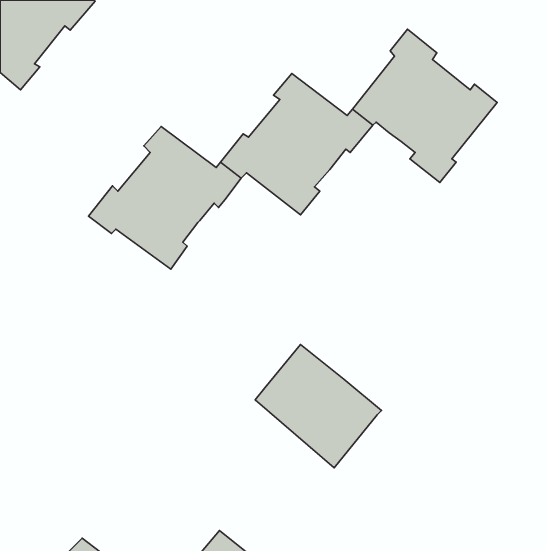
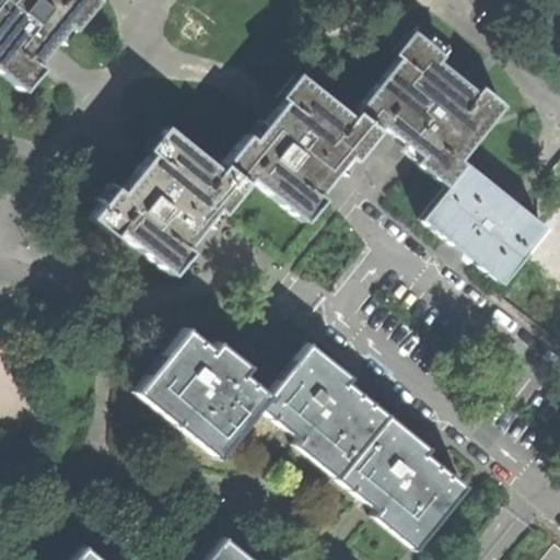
building: none -> [423,165,547,282]
building: none -> [143,329,273,453]
building: none -> [341,421,467,544]

